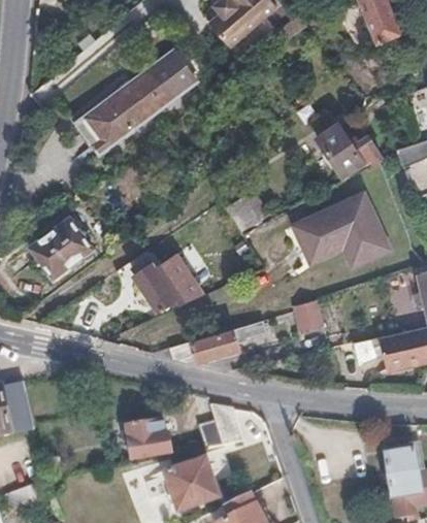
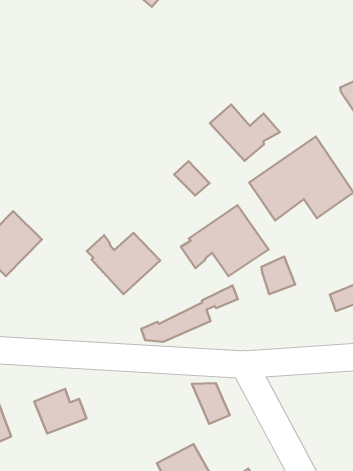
building: [77,52,193,151] -> none
building: [318,123,382,177] -> [210,104,280,161]
building: none -> [181,205,269,276]
building: [125,422,171,461] -> [34,389,87,434]

